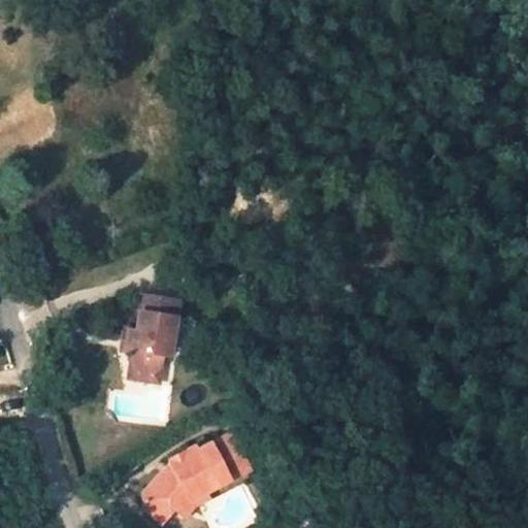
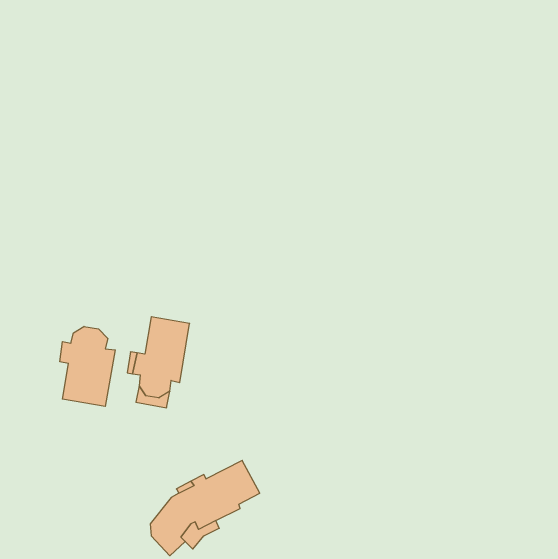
building: none -> [60,326,115,406]

